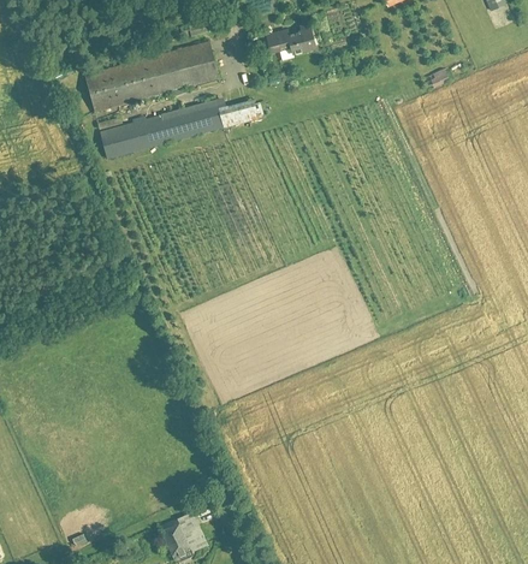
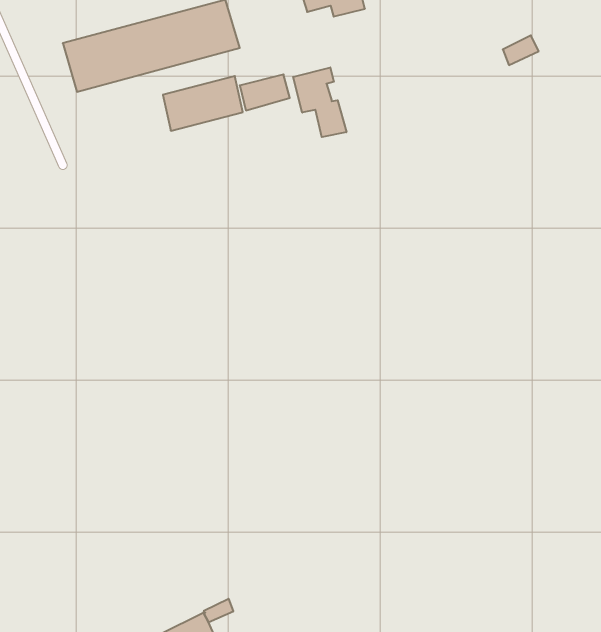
building: none -> [293,67,346,137]
building: [108,118,164,152] -> none

